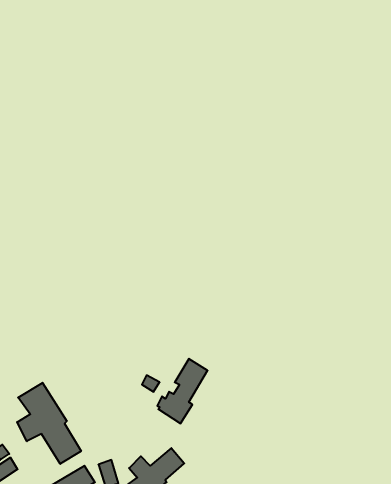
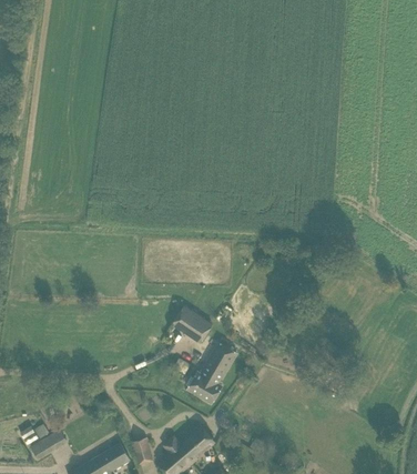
building: none -> [174,306,212,340]
building: [17,383,81,464] -> none

